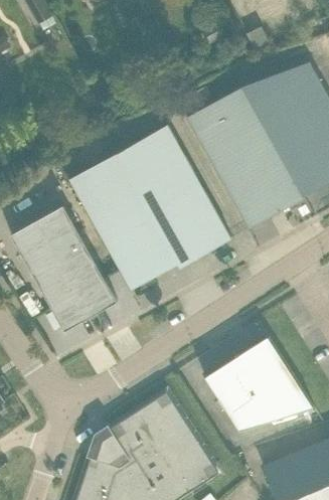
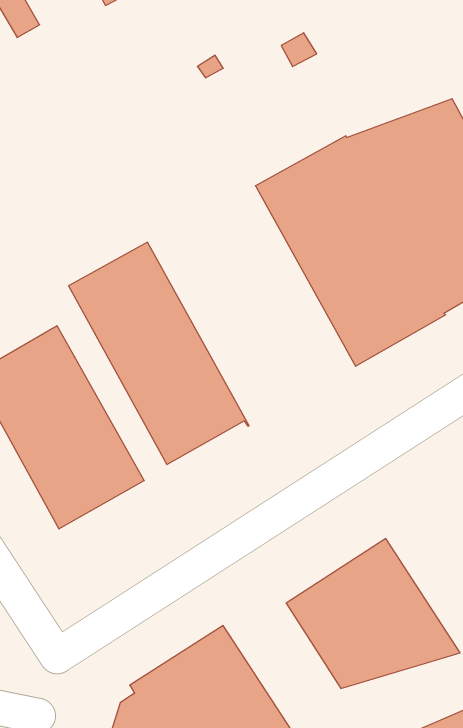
building: [119,125,231,267] -> none

